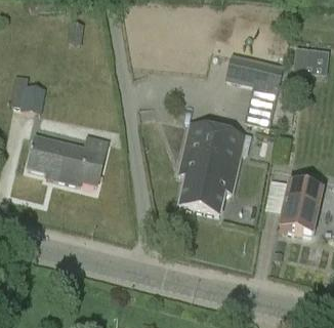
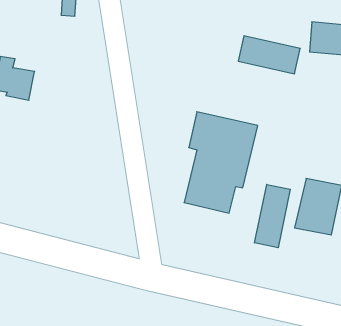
building: [28,134,109,183] -> none
building: none -> [255,184,290,248]

